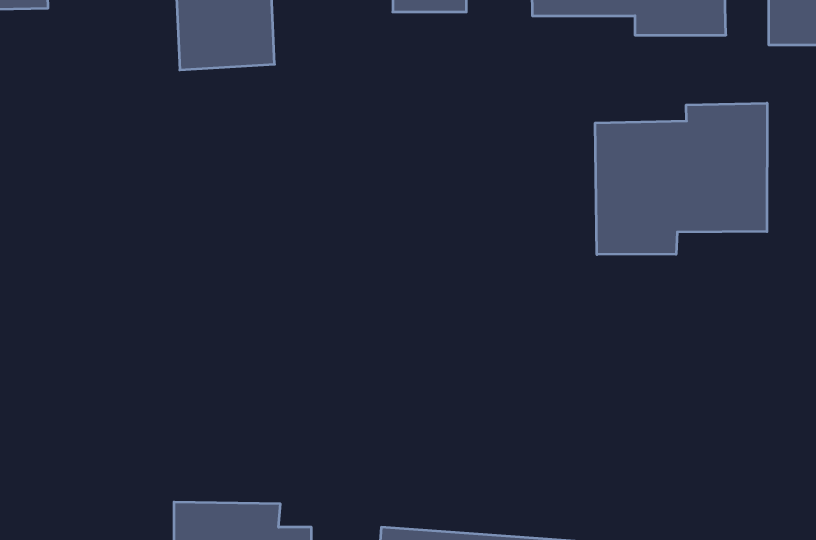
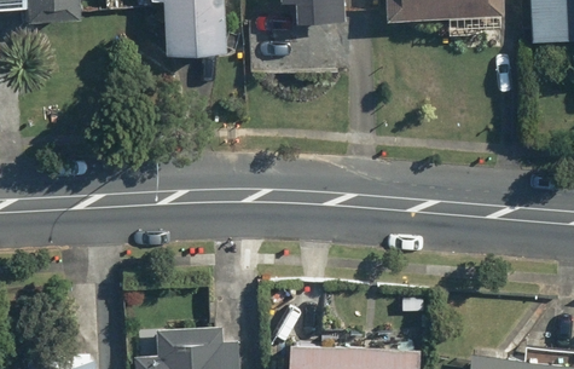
building: [595,103,767,255] -> none

